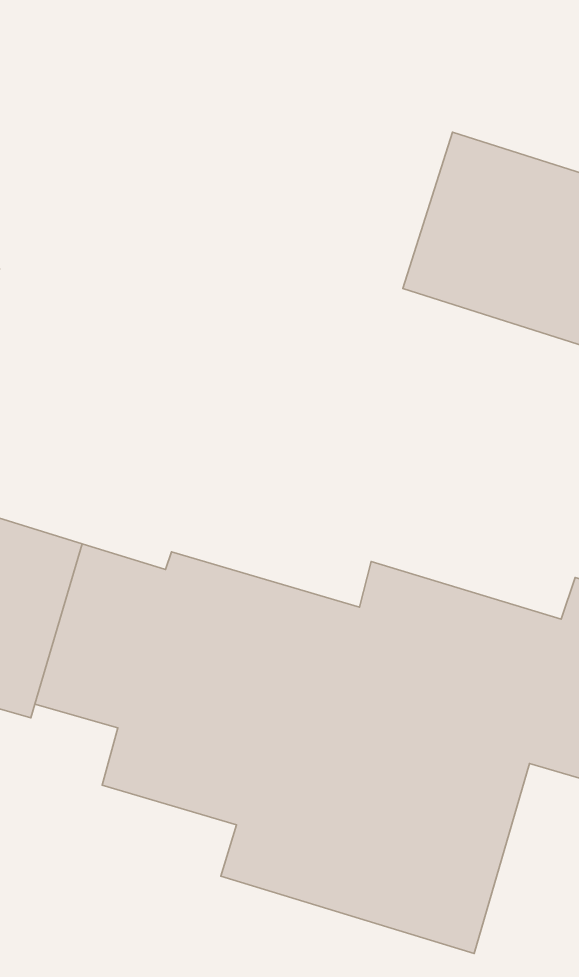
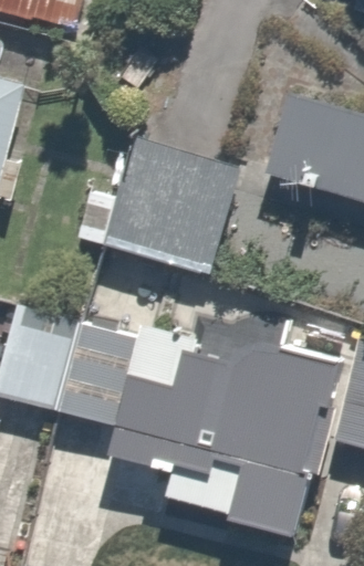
building: none -> [94,137,240,277]

